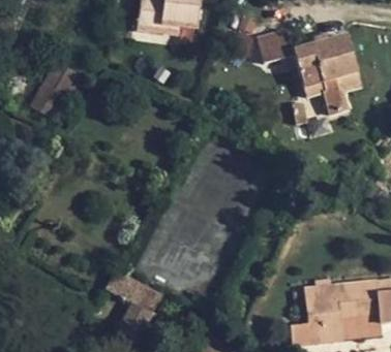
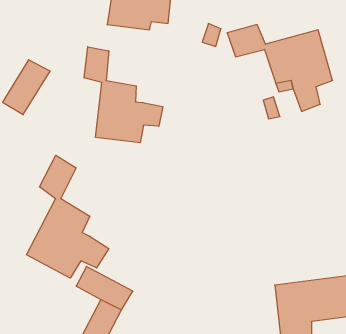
building: none -> [84,47,163,143]
building: none -> [26,155,109,278]

